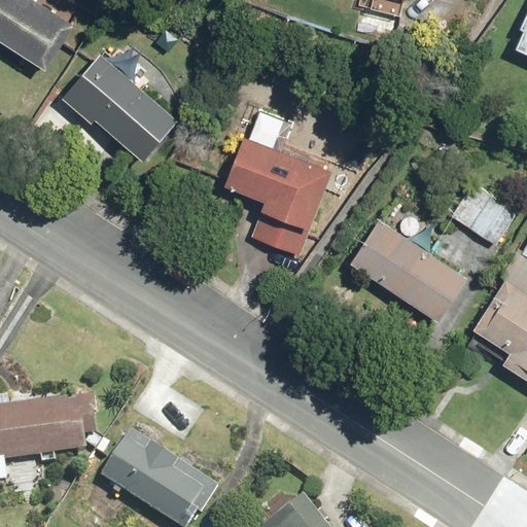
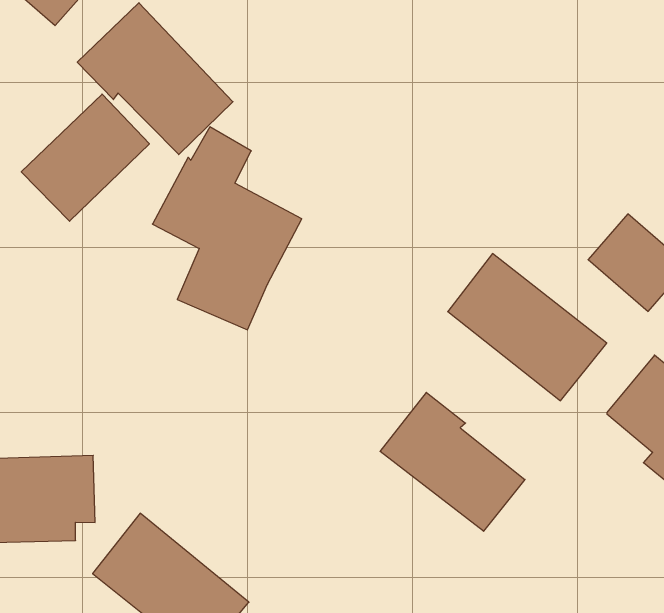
building: [223,110,333,258] -> [152,127,302,330]
building: none -> [21,94,149,221]
building: none -> [380,392,525,531]

